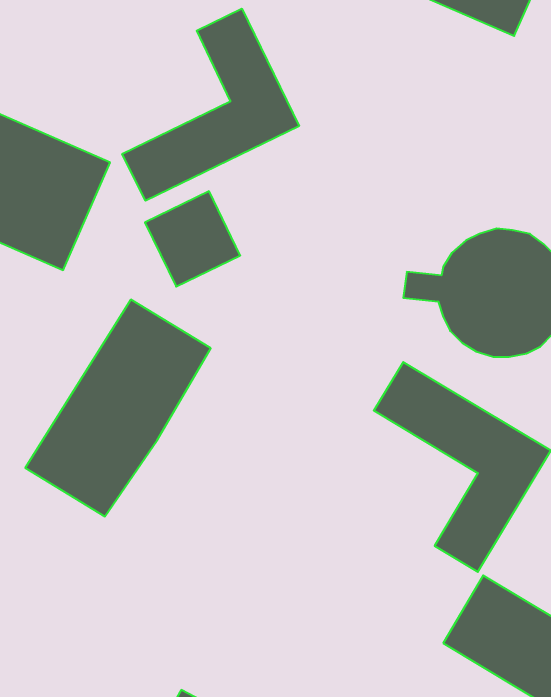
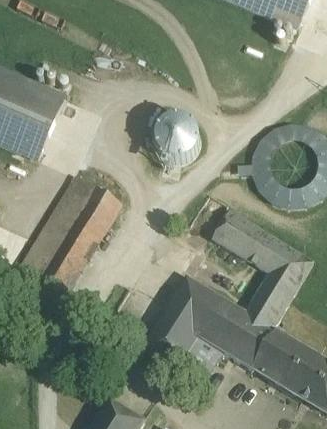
building: [122,9,299,201] -> none
building: [145,191,240,287] -> [147,111,202,166]
building: none -> [148,280,279,373]

